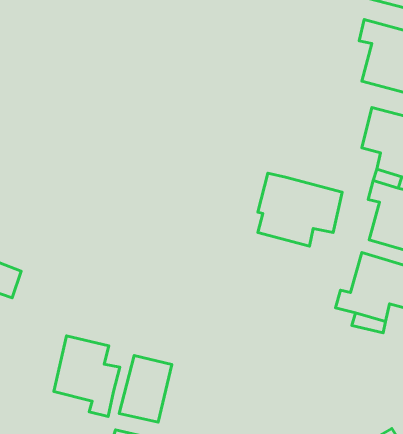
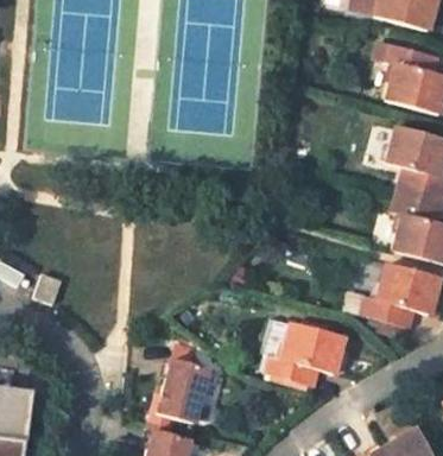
building: [258,173,342,246] -> [264,318,343,387]
building: [54,336,120,417] -> none

